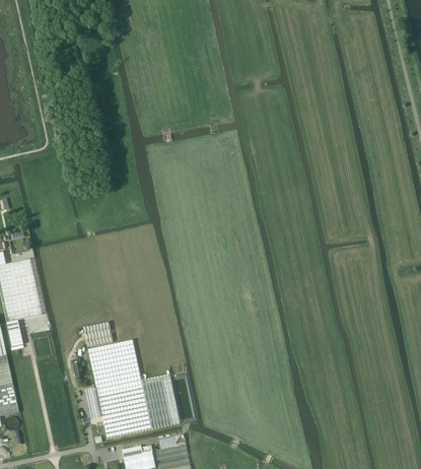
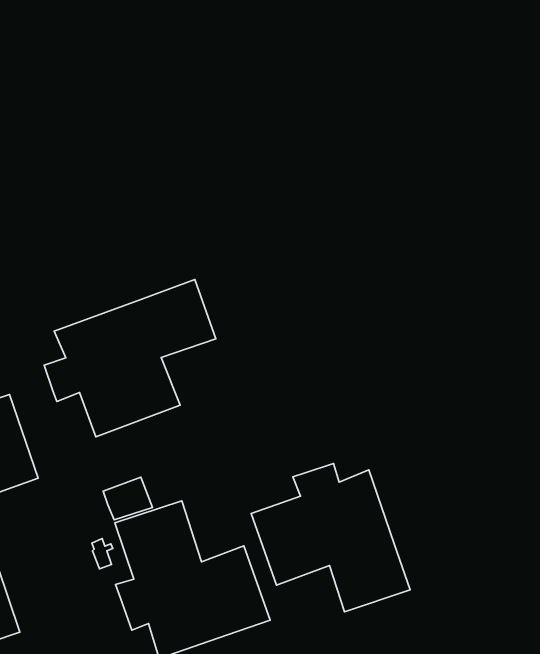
building: none -> [44,279,216,437]
building: none -> [251,464,410,612]

